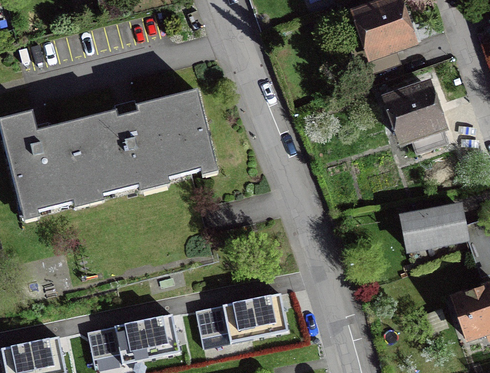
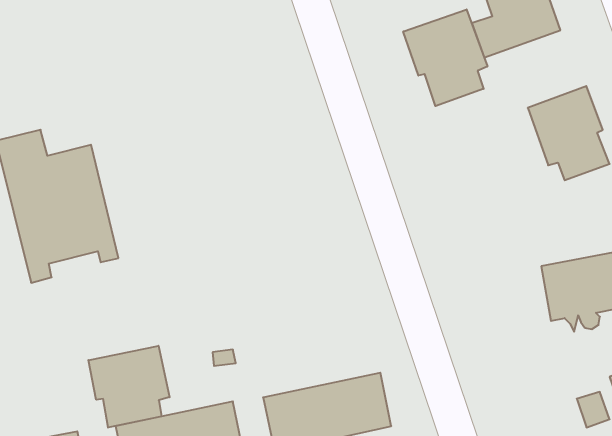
building: none -> [403,9,487,106]
building: [69,92,218,207] -> none
building: none -> [88,346,170,428]

